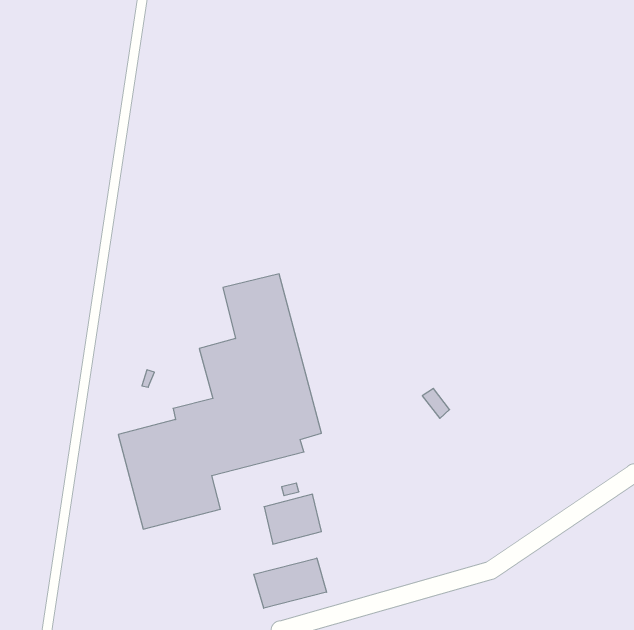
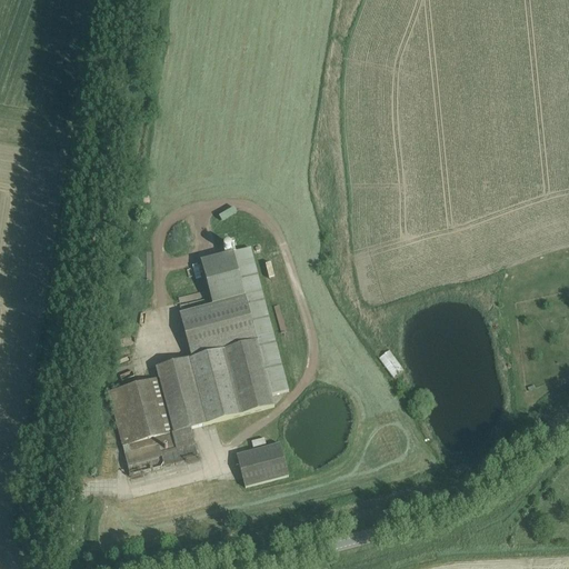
building: [254,558,327,608] -> none

